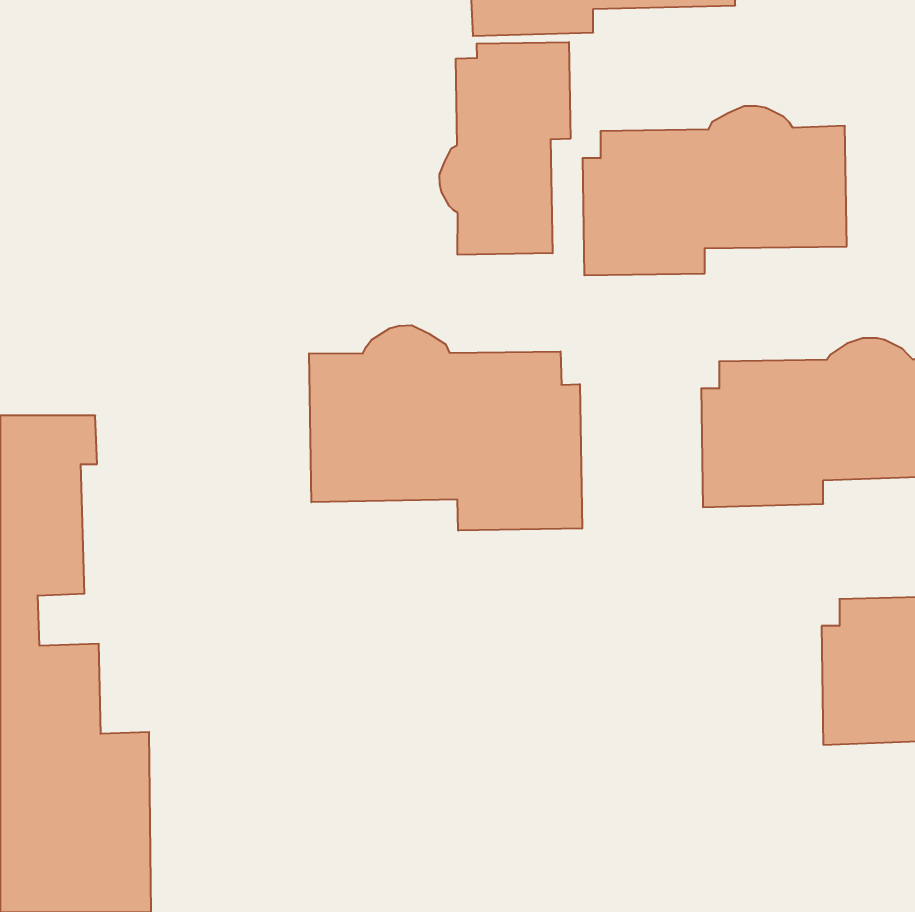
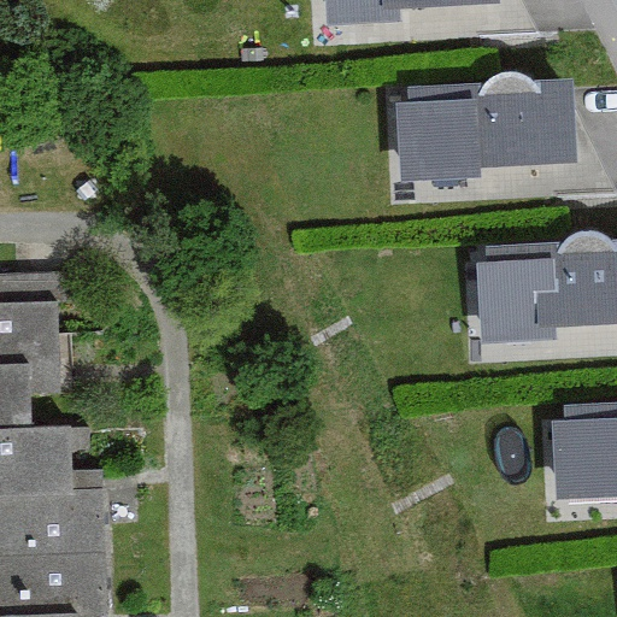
building: [440,42,570,255] -> none
building: [309,325,582,531] -> none

